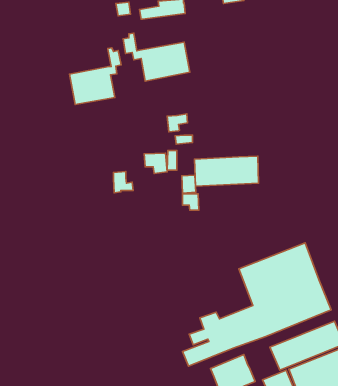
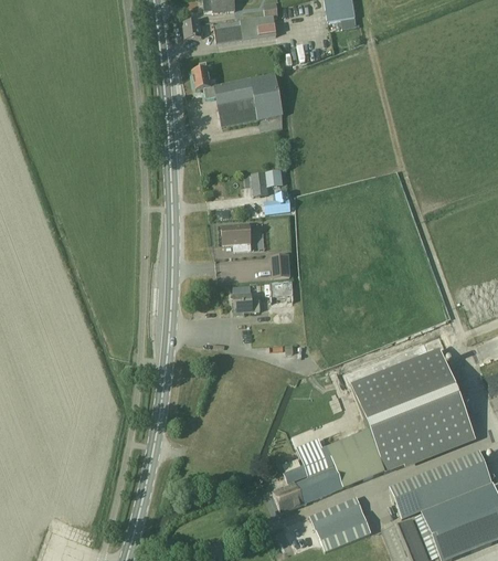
building: [70,48,121,104] -> none
building: [195,156,259,186] -> none
building: [113,172,133,193] -> [233,285,259,314]

